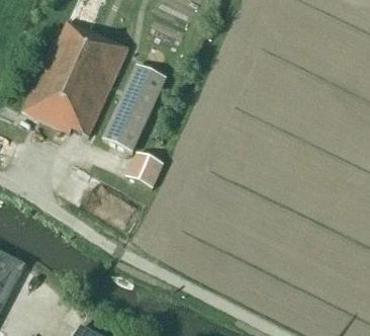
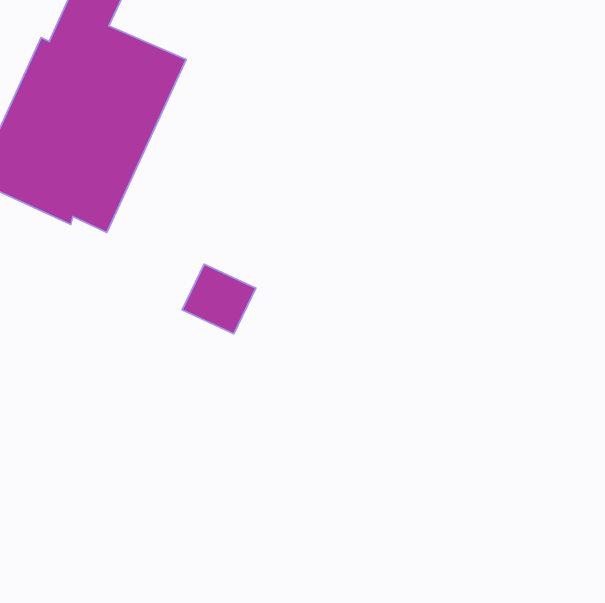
building: [103,65,167,153] -> none

